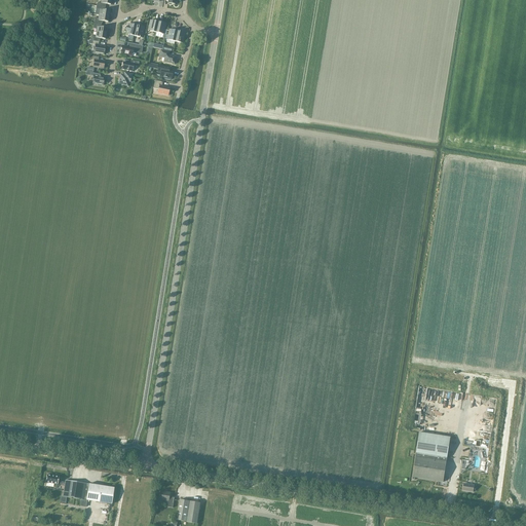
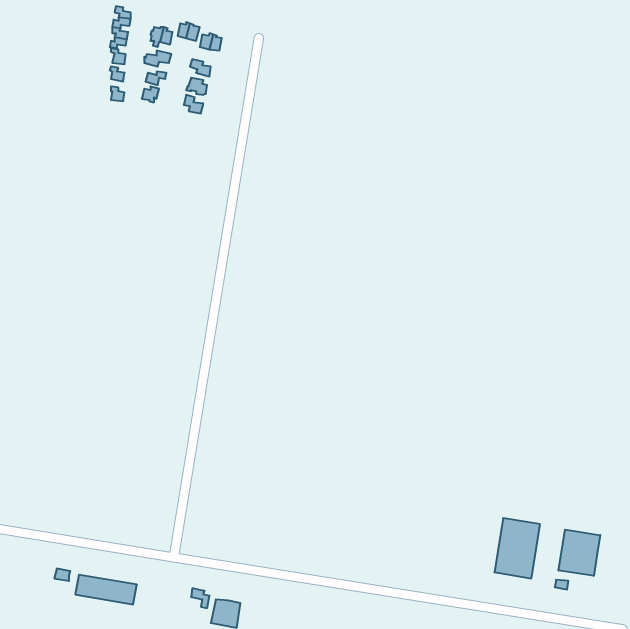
building: none -> [559,530,600,576]

